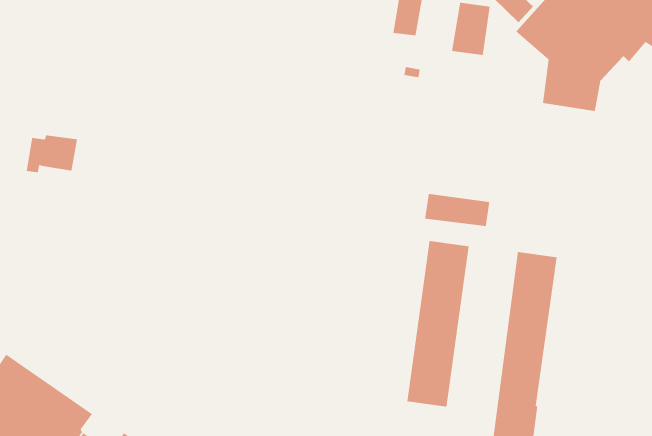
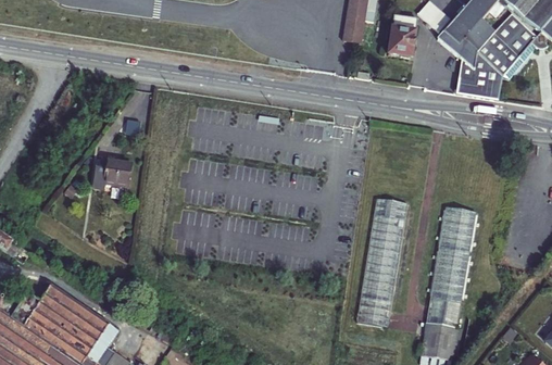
building: [26,135,78,173] -> [87,158,127,187]
building: [424,193,490,227] -> none

